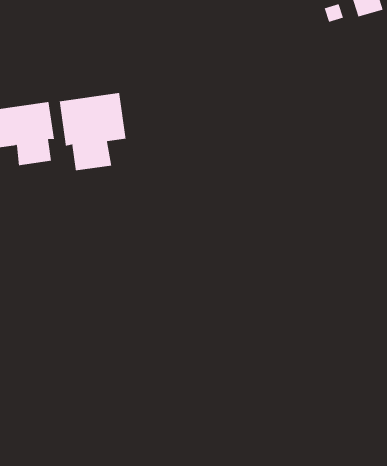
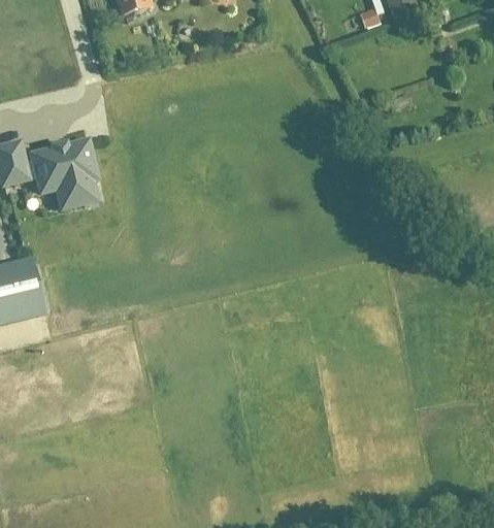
building: [59,92,126,171] -> none

